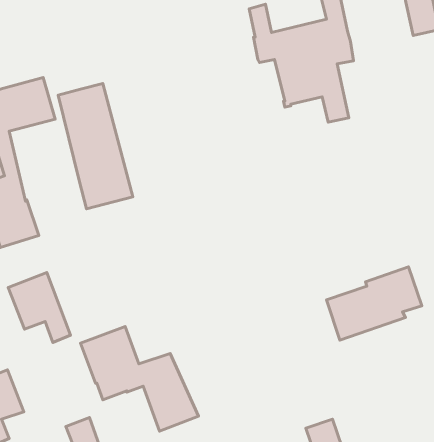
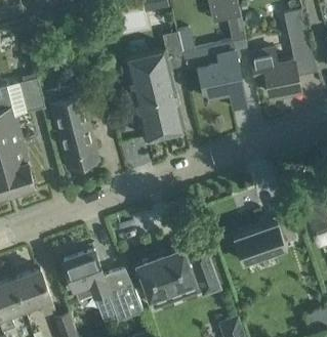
building: none -> [125,50,185,139]
building: none -> [249,50,300,96]
building: [8,272,71,343] -> [13,270,56,319]
building: none -> [136,249,219,300]

